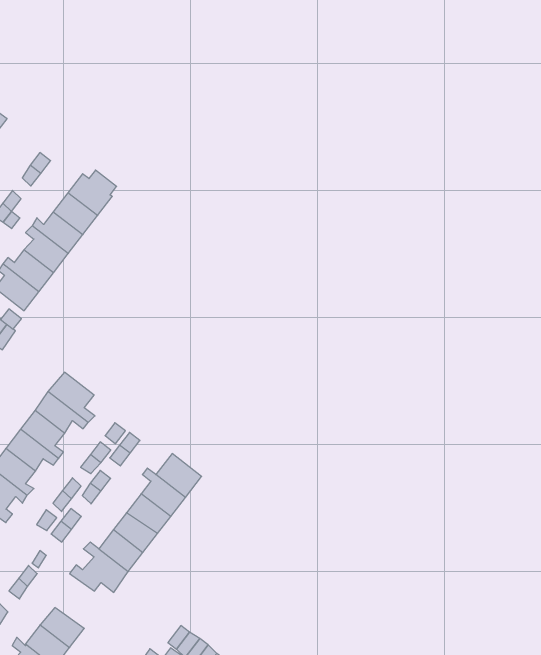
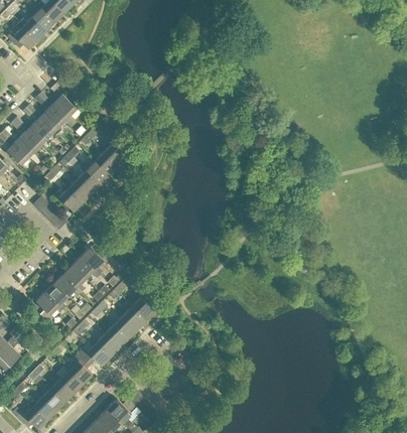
building: none -> [64,352,92,383]

